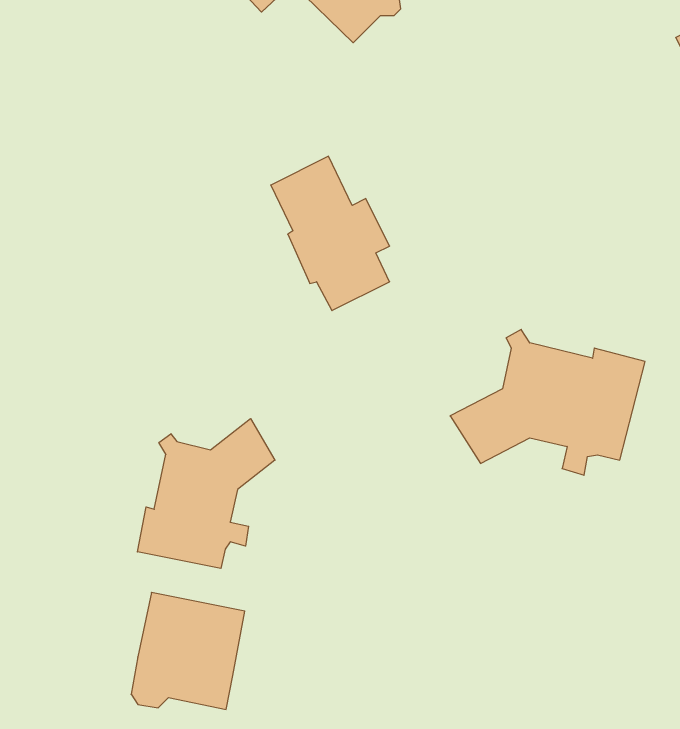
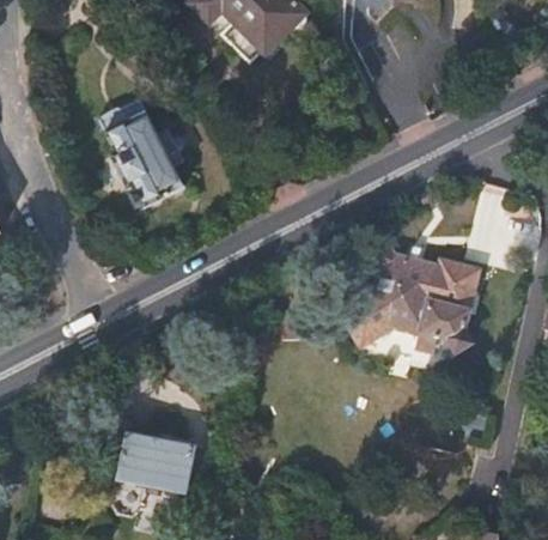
building: [271,156,390,311] -> [99,98,183,207]
building: [137,419,275,568] -> none

